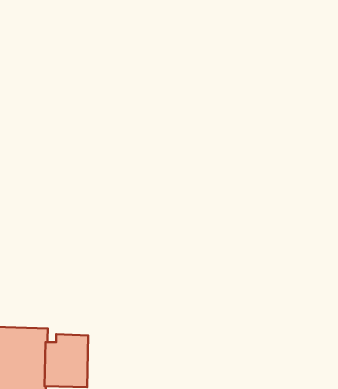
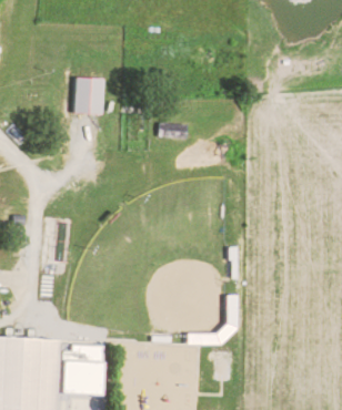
building: none -> [68,76,98,113]

